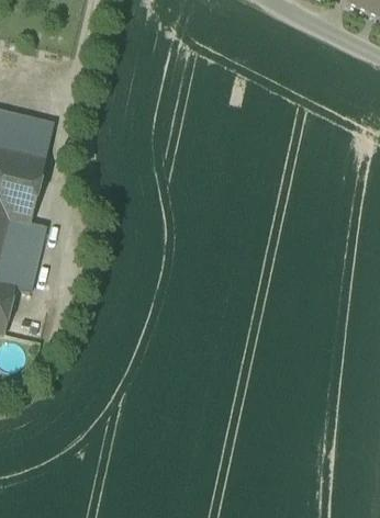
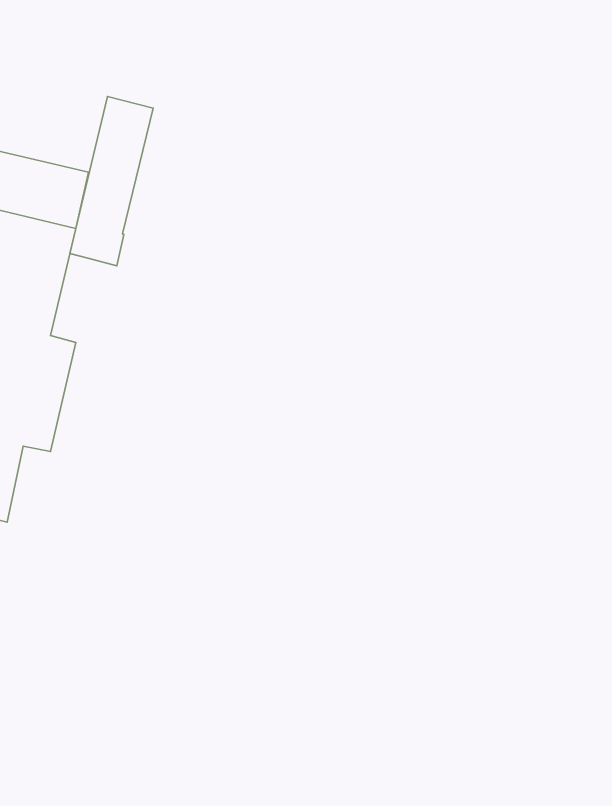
building: none -> [70,97,153,266]

